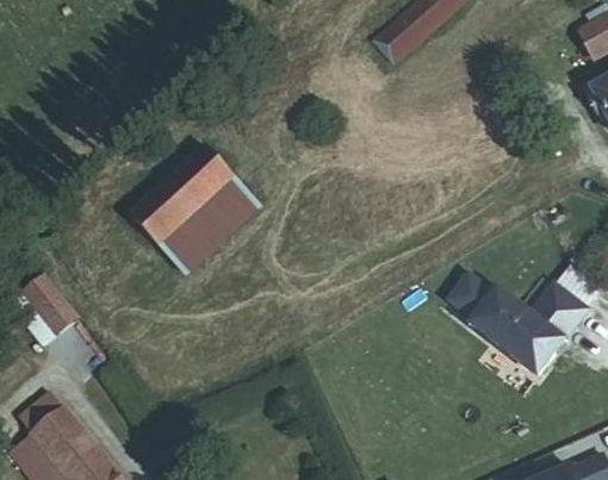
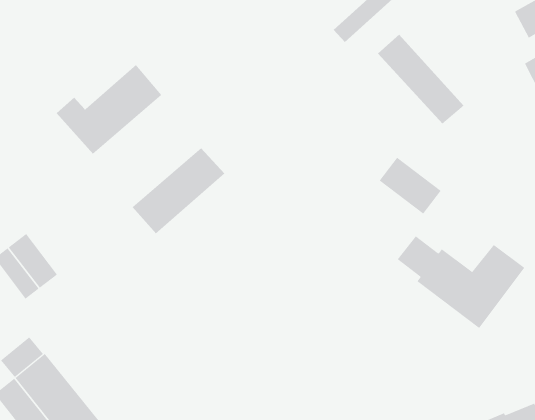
building: none -> [377,34,464,125]
building: [119,145,236,244] -> [56,64,162,154]
building: none -> [379,157,441,215]

